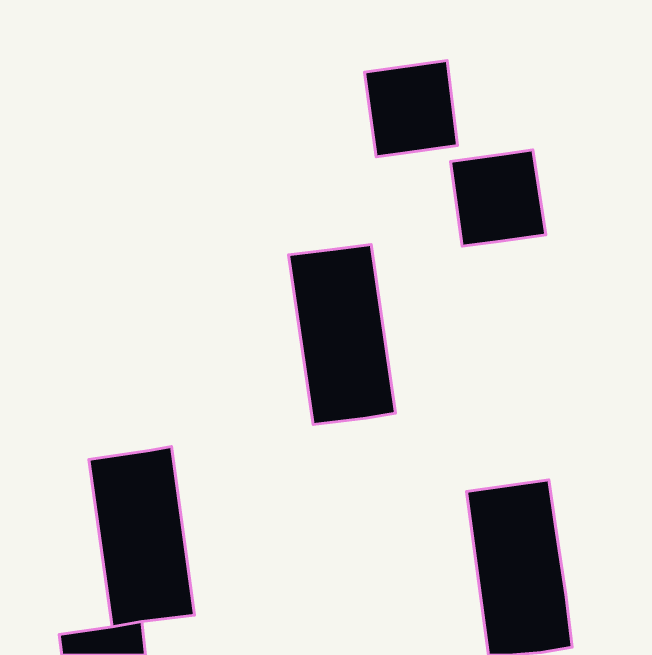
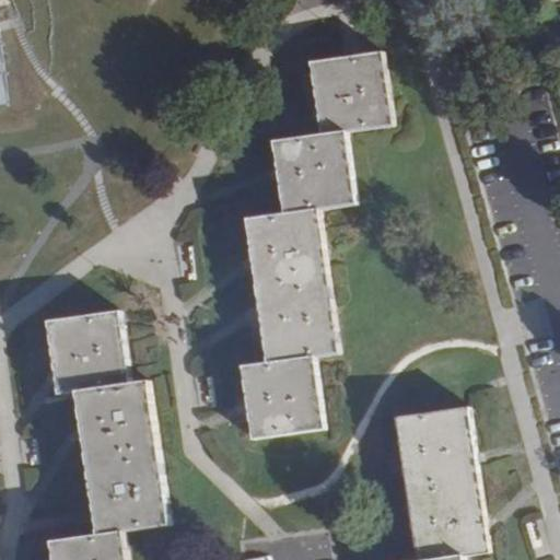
building: [451,150,546,246] -> [272,130,353,212]
building: none -> [46,312,127,393]
building: none -> [242,355,320,436]

